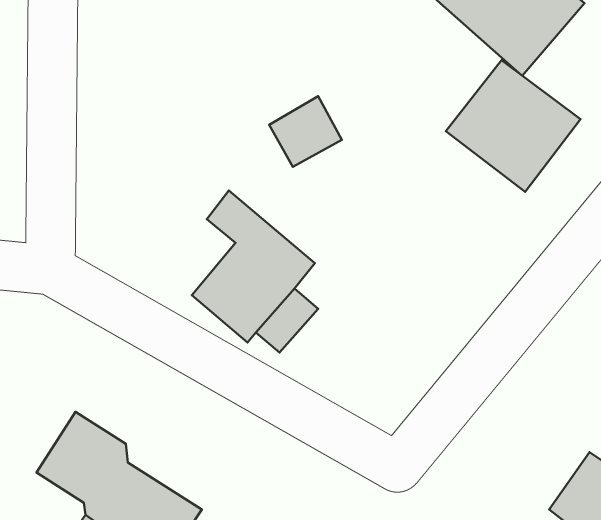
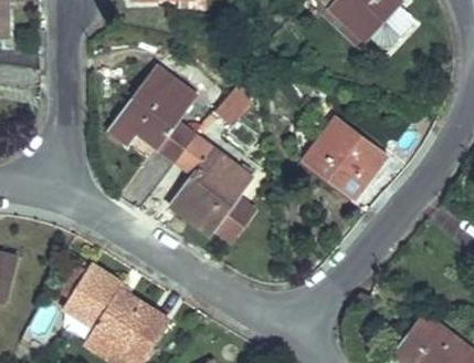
building: [446,60,581,192] -> [296,116,385,203]
building: none -> [109,56,203,154]

